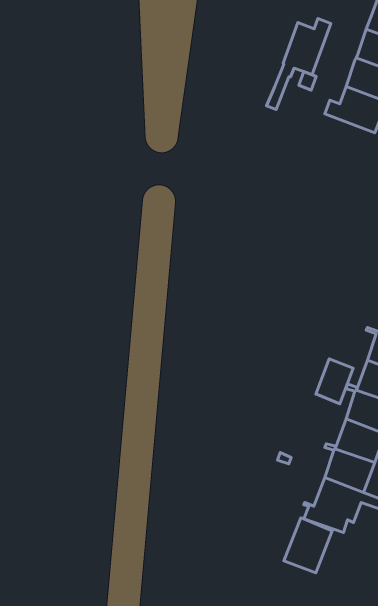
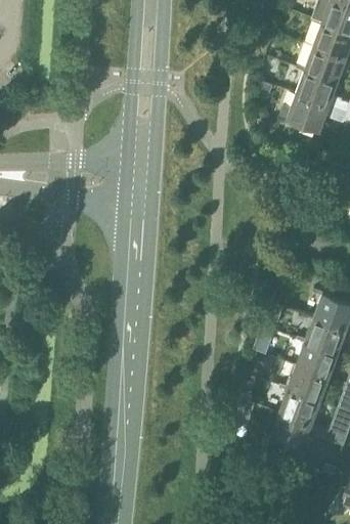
building: [267,19,331,109] -> none
building: [316,359,353,404] -> none
building: [284,518,332,573] -> none

